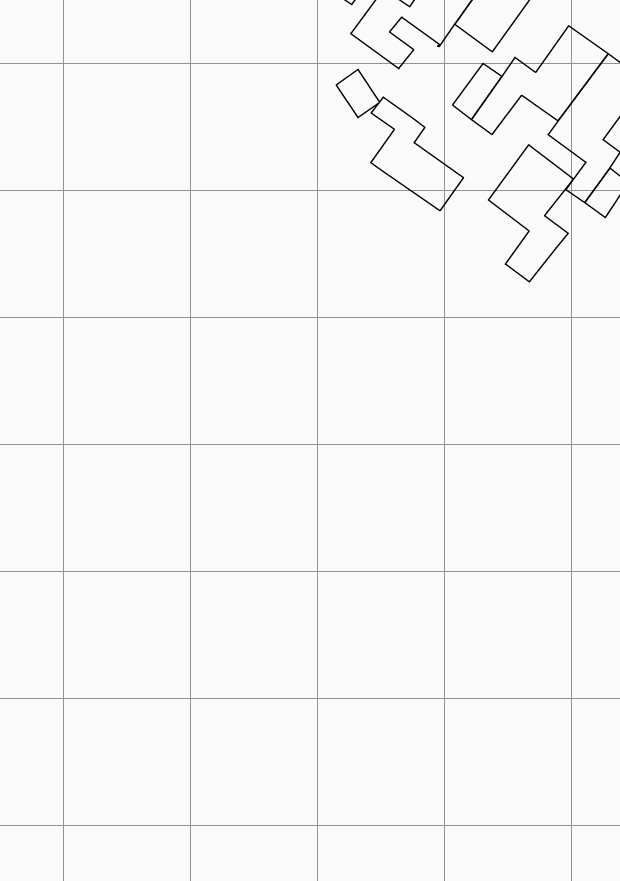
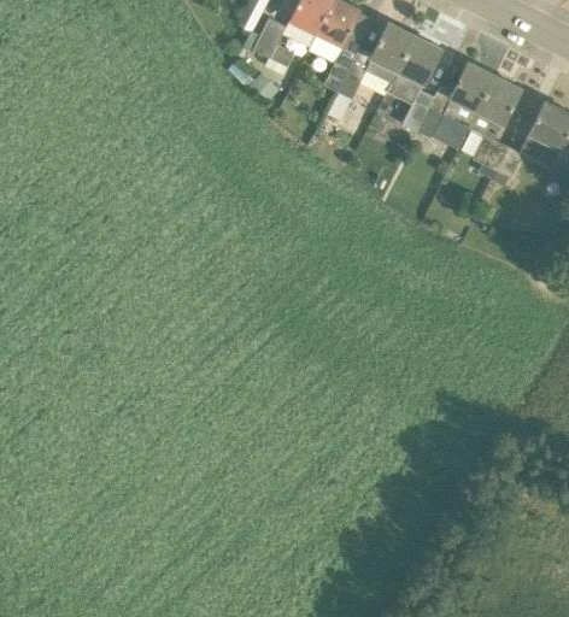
building: [371,97,463,211] -> none
building: [488,145,574,282] -> none

